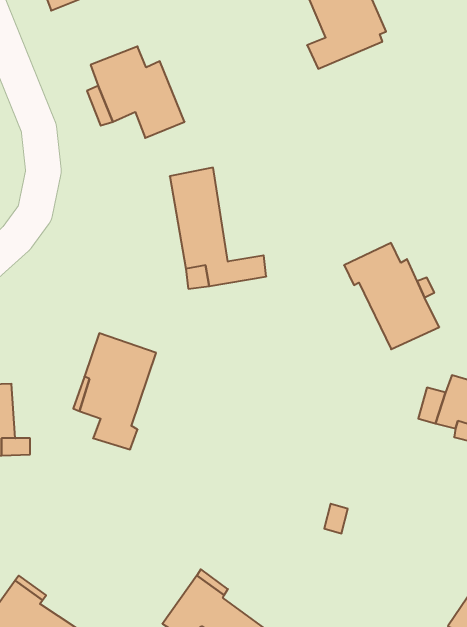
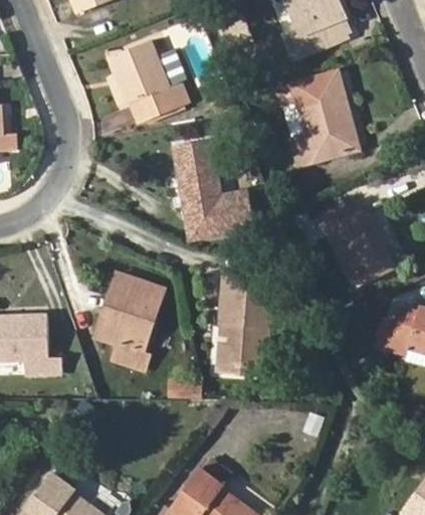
building: none -> [279,72,358,163]
building: none -> [218,270,274,373]

